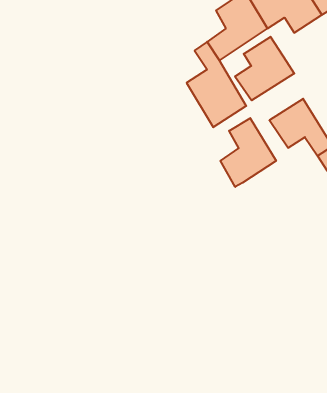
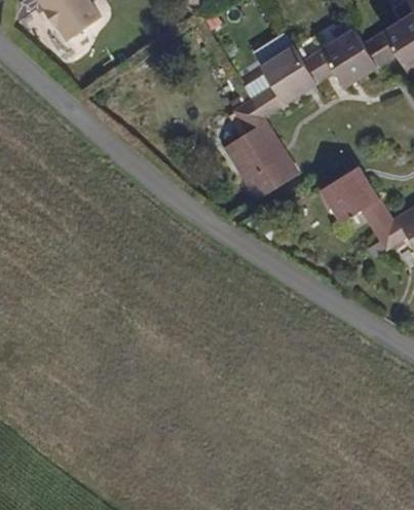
building: [235,37,294,100] -> none
building: [220,118,276,187] -> none

